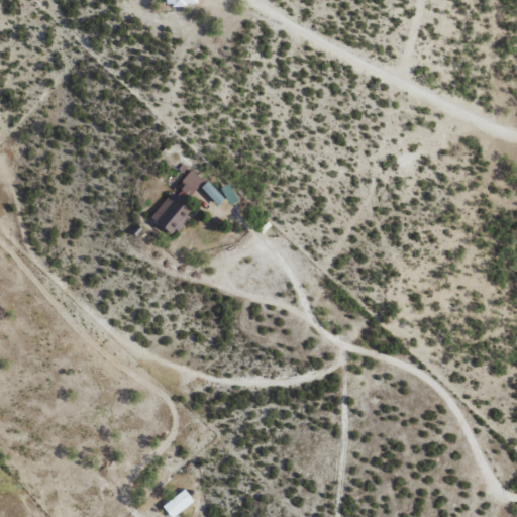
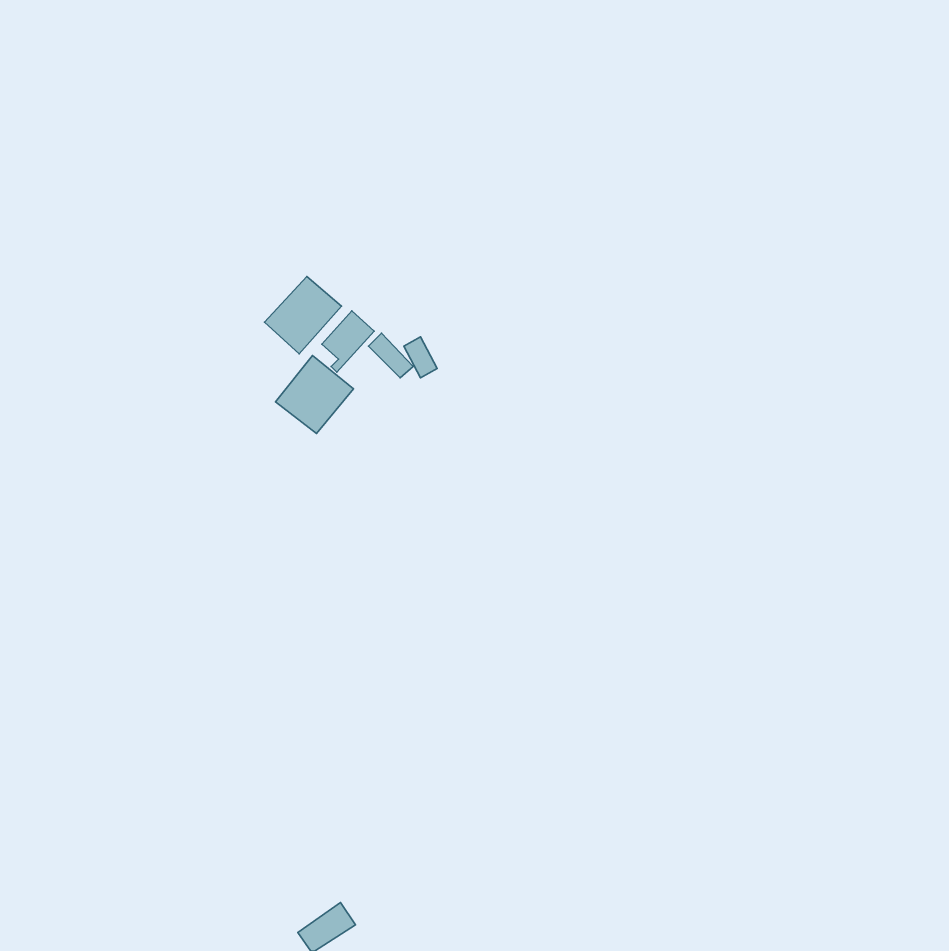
building: none -> [264,277,342,354]

